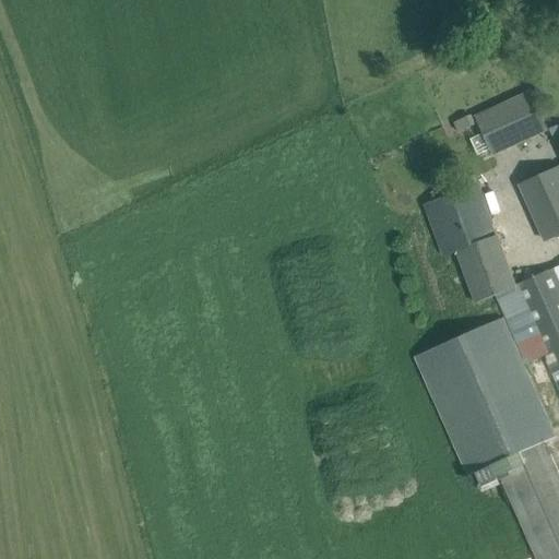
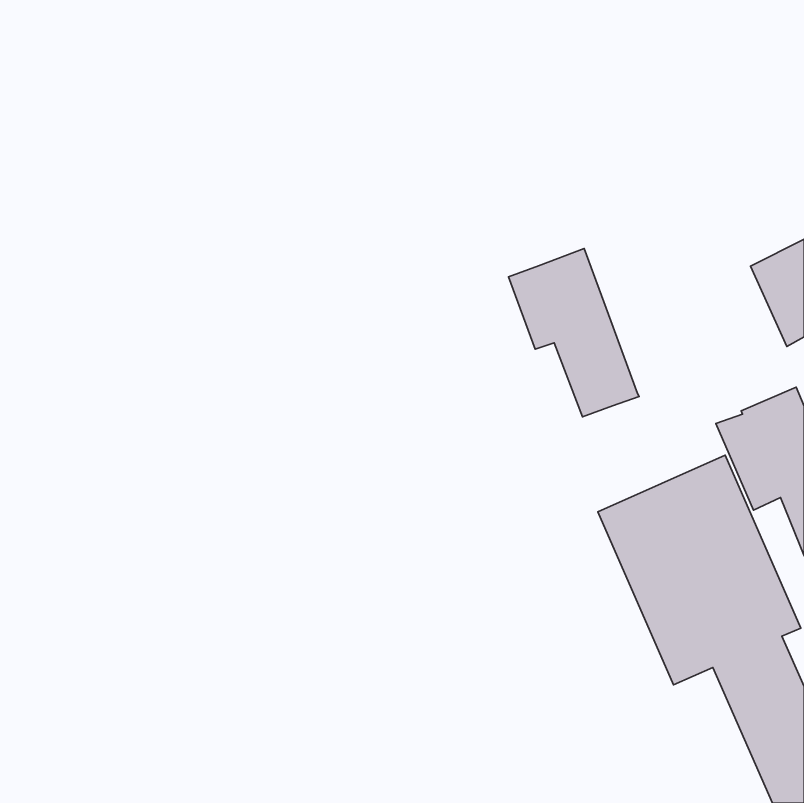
building: [475,92,547,154] -> none
building: [425,185,515,301] -> [508,248,639,417]

